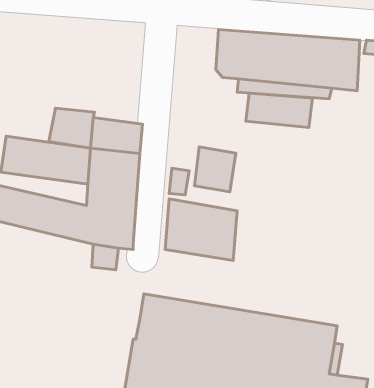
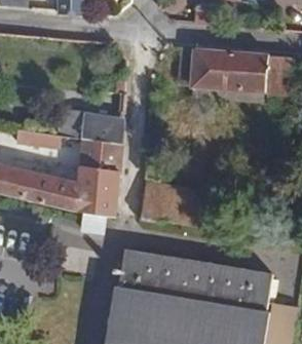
building: [246,93,313,128] -> none
building: [195,147,236,192] -> none

